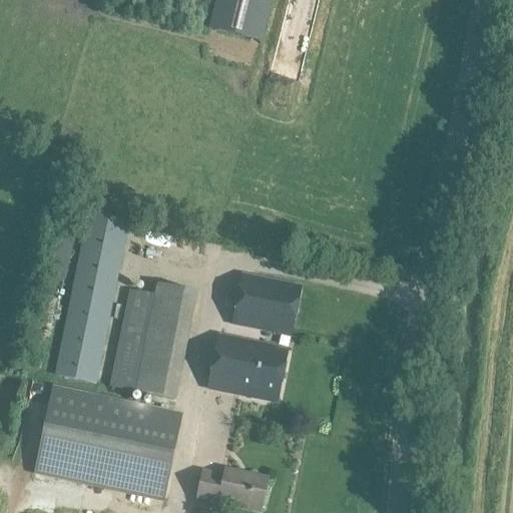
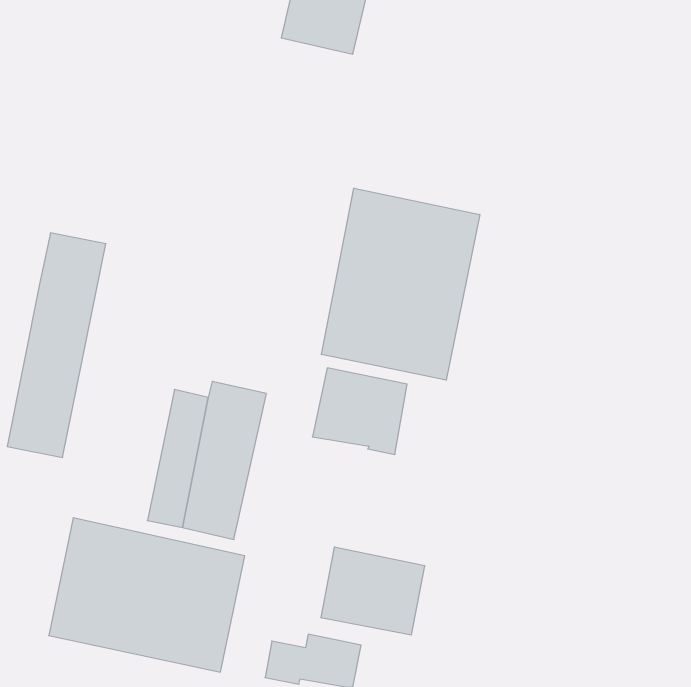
building: none -> [321,188,480,380]
building: [55,216,128,383] -> [7,233,106,457]
building: [209,335,287,400] -> [321,547,425,635]

